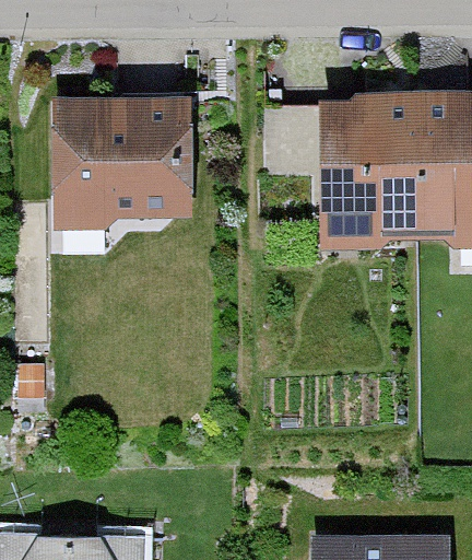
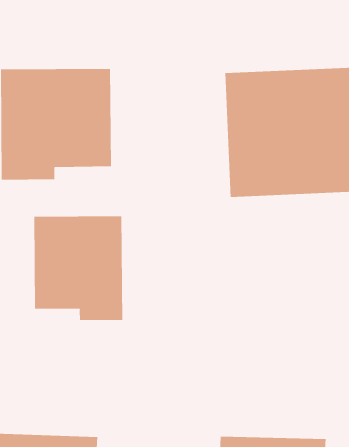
building: none -> [34,215,123,321]

